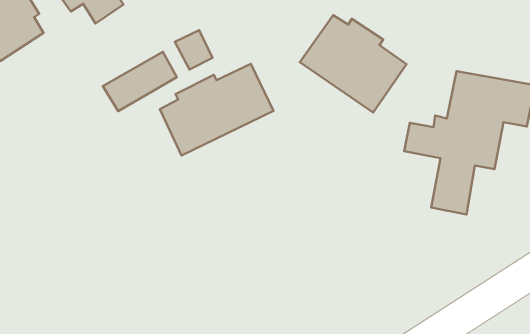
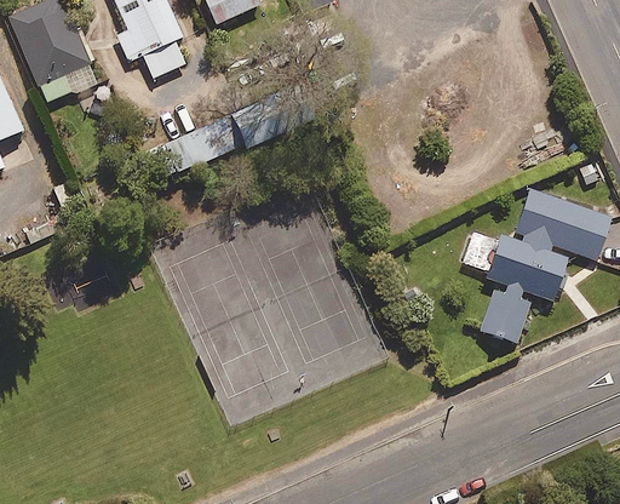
building: [300,15,407,113] -> none
building: [160,64,273,155] -> none

